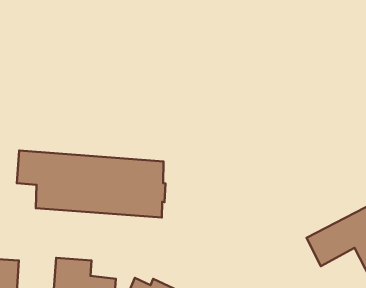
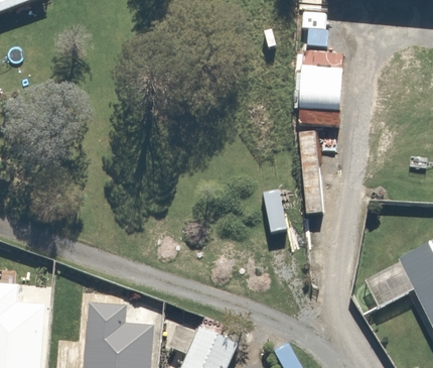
building: [17,151,166,218] -> none

